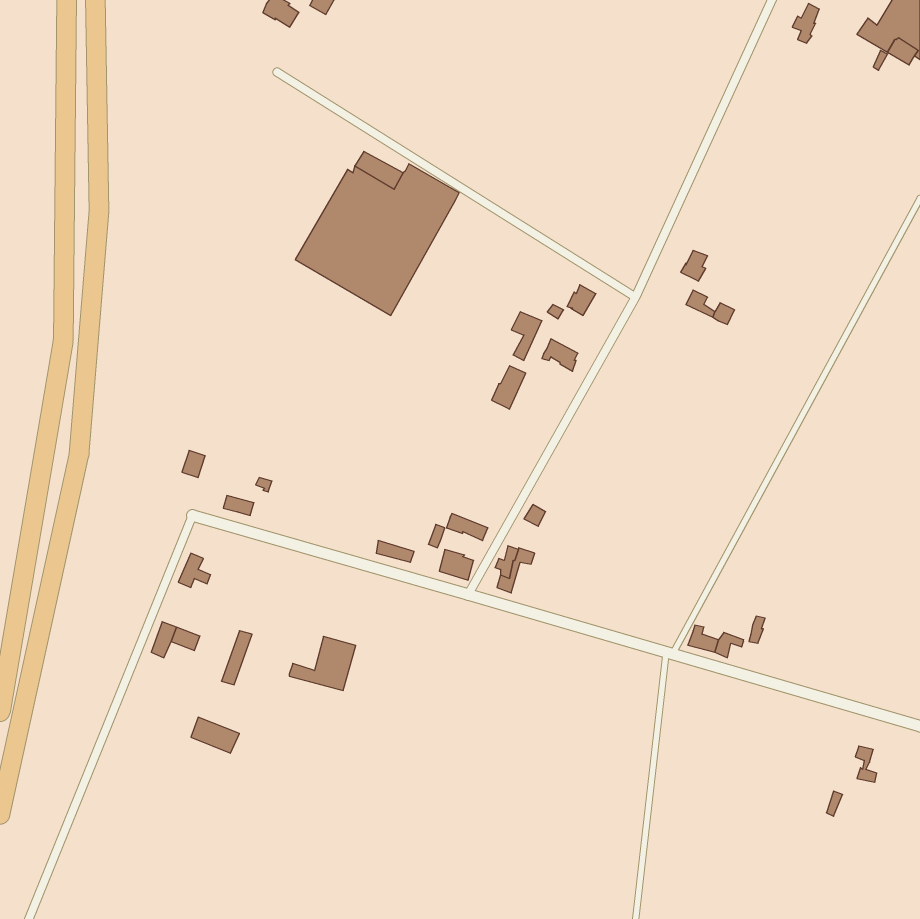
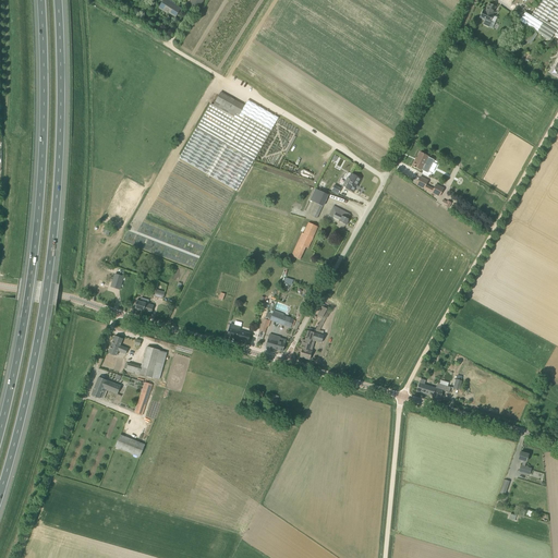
building: [289,636,356,690] -> [126,345,167,378]

